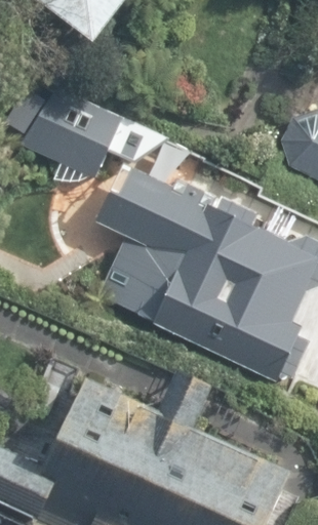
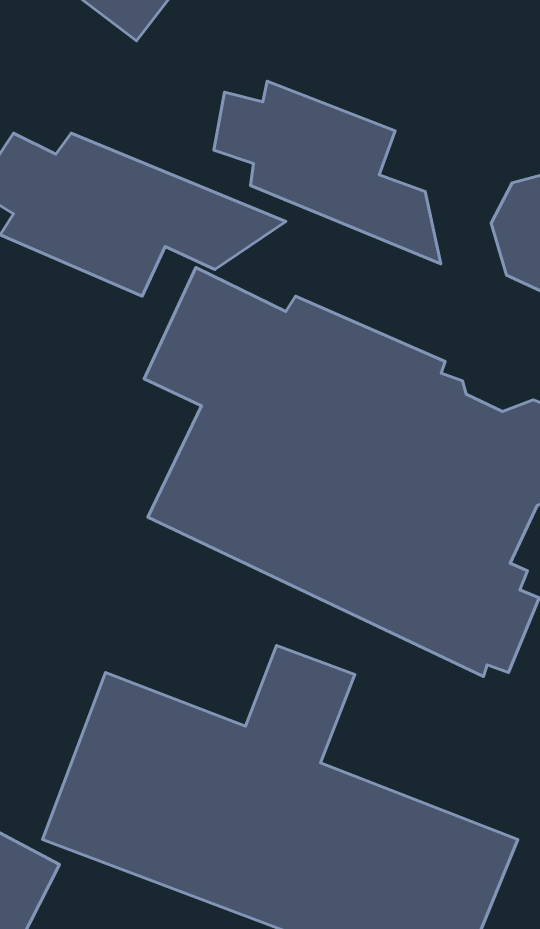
building: none -> [214,81,441,264]

